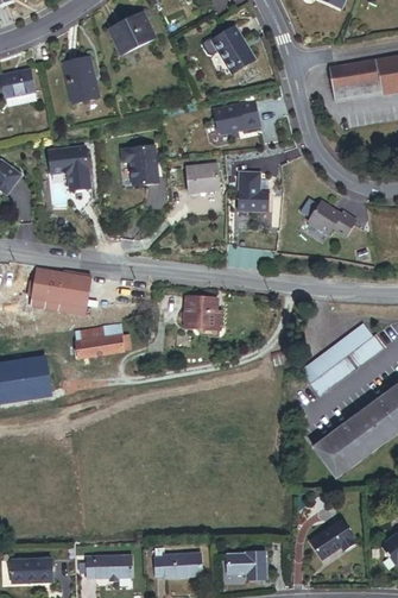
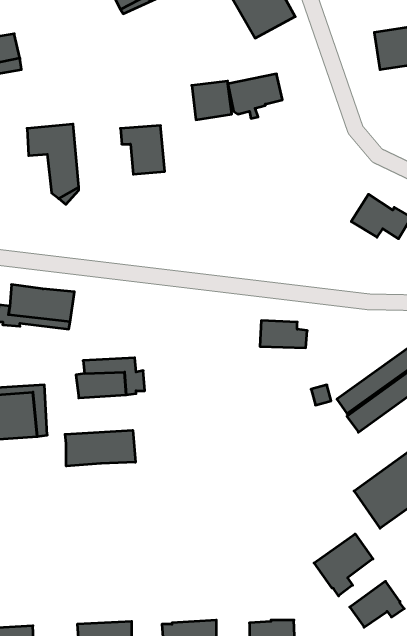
building: [63,51,100,97] -> none
building: [182,158,215,190] -> [192,81,232,120]
building: [230,170,261,209] -> none
building: [189,296,228,319] -> [260,321,307,348]
building: none -> [65,430,135,466]
building: none -> [314,534,373,596]

